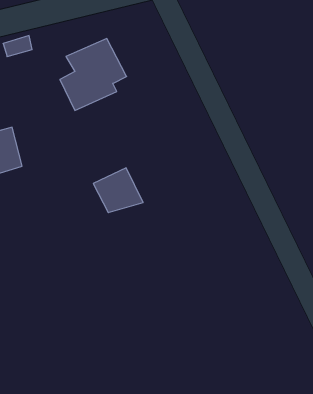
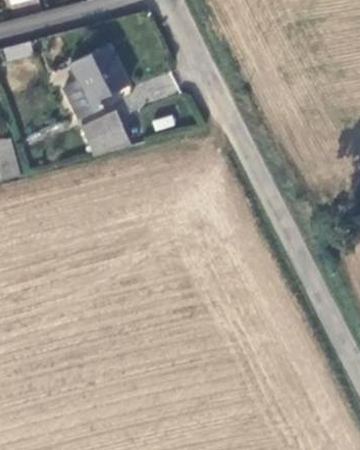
building: [93,168,143,213] -> [82,110,133,156]

